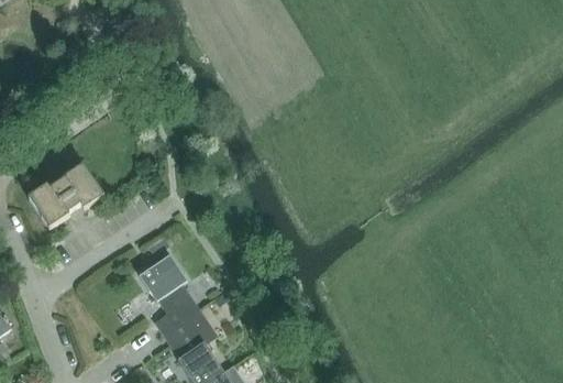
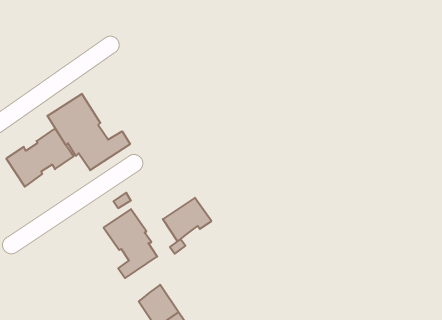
building: none -> [47,94,130,170]
building: [163,309,218,359] -> [163,198,211,241]

